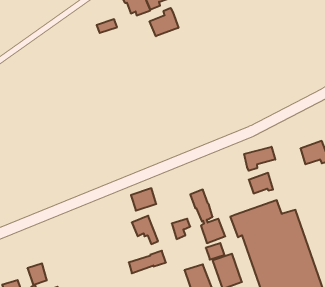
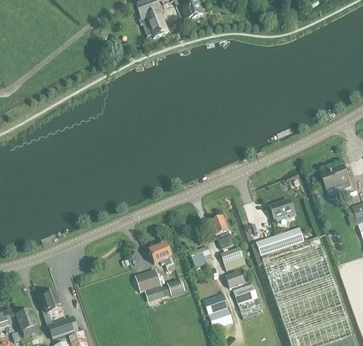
building: [150,8,178,36] -> none
building: [244,147,275,171] -> none
building: [131,188,156,211] -> [134,269,160,292]

